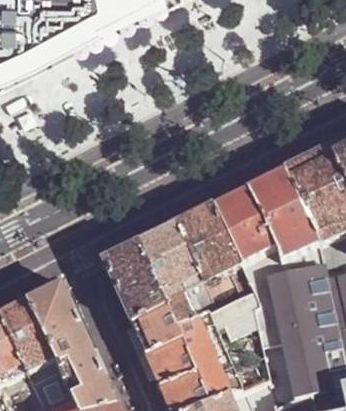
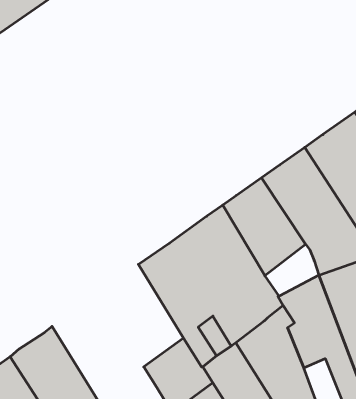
building: [102,236,165,318] -> none
building: [237,240,280,278] -> none

